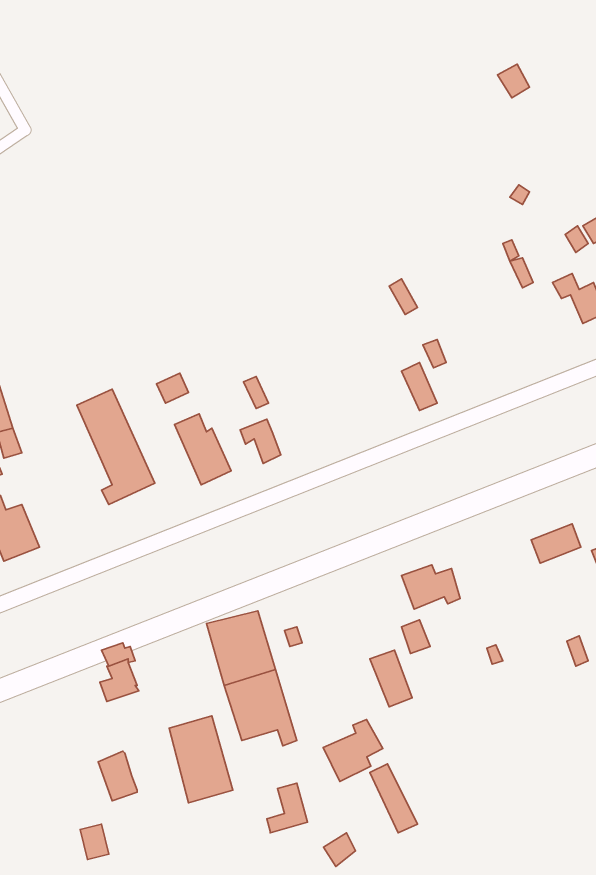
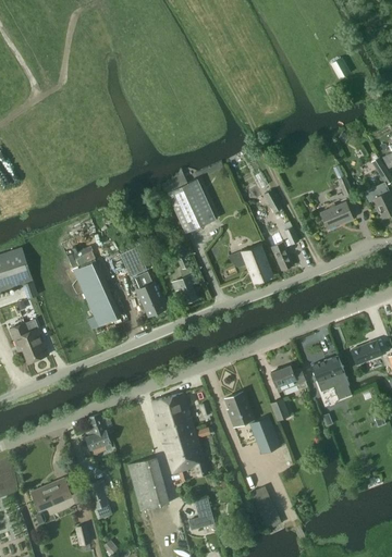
building: none -> [168,180,215,233]
building: none -> [320,202,352,230]
building: none -> [241,244,273,284]
building: none -> [311,356,352,399]
building: none -> [226,392,254,429]
building: [323,720,383,782] -> none
building: none -> [32,478,71,509]

